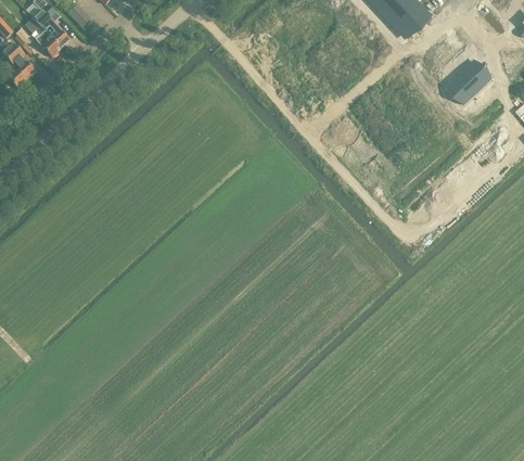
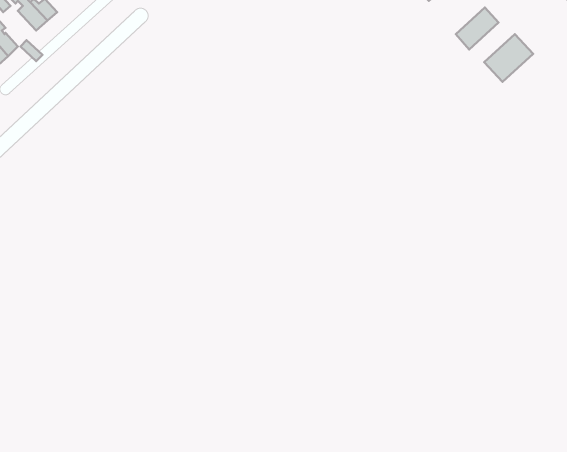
building: none -> [456,7,498,49]

